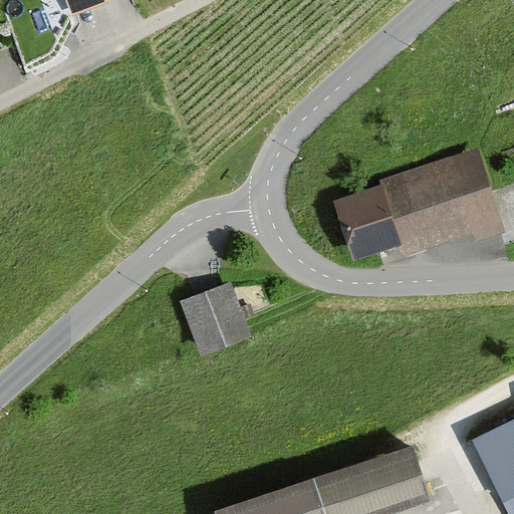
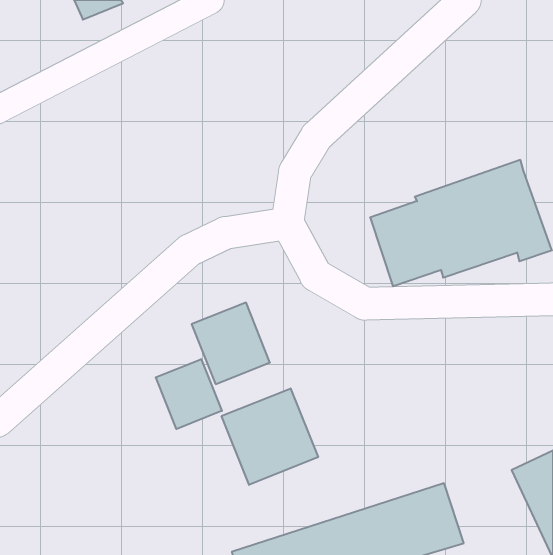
building: none -> [156,359,222,429]
building: none -> [222,388,318,485]

